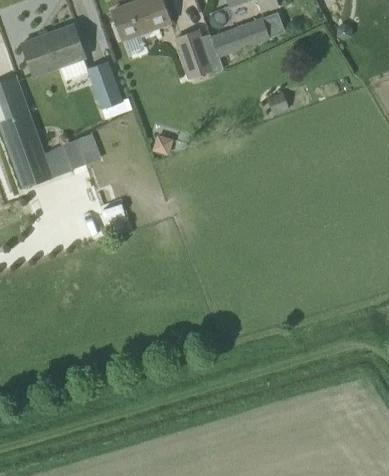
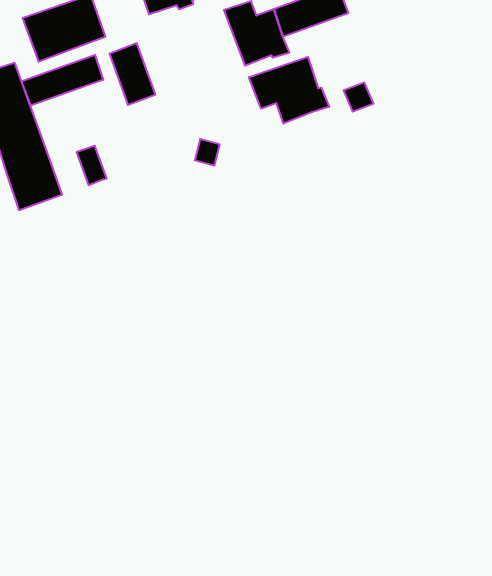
building: none -> [21,55,103,105]
building: none -> [249,57,329,124]
building: [44,144,72,176] -> none

